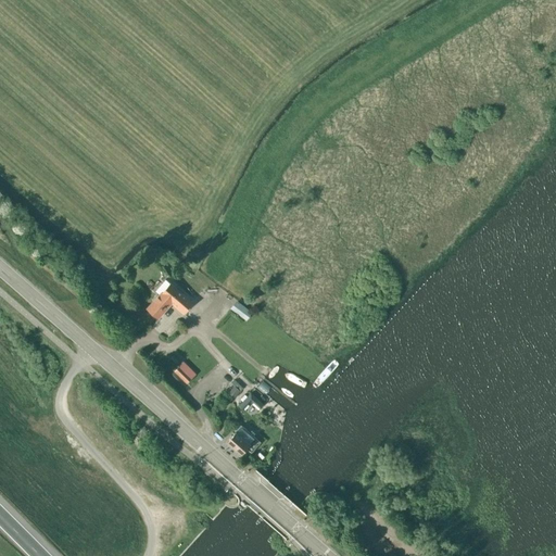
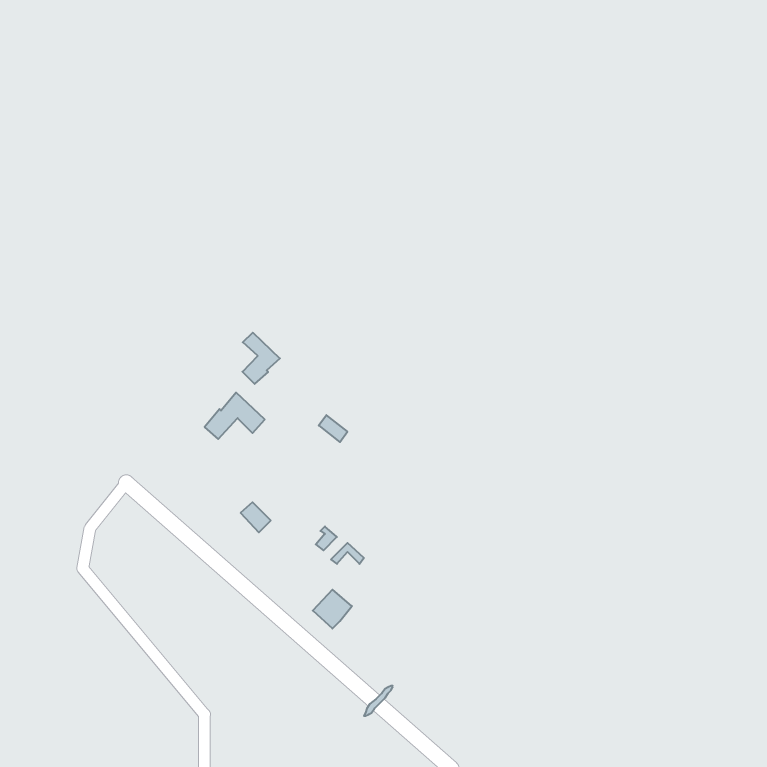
building: none -> [242,333,280,384]

